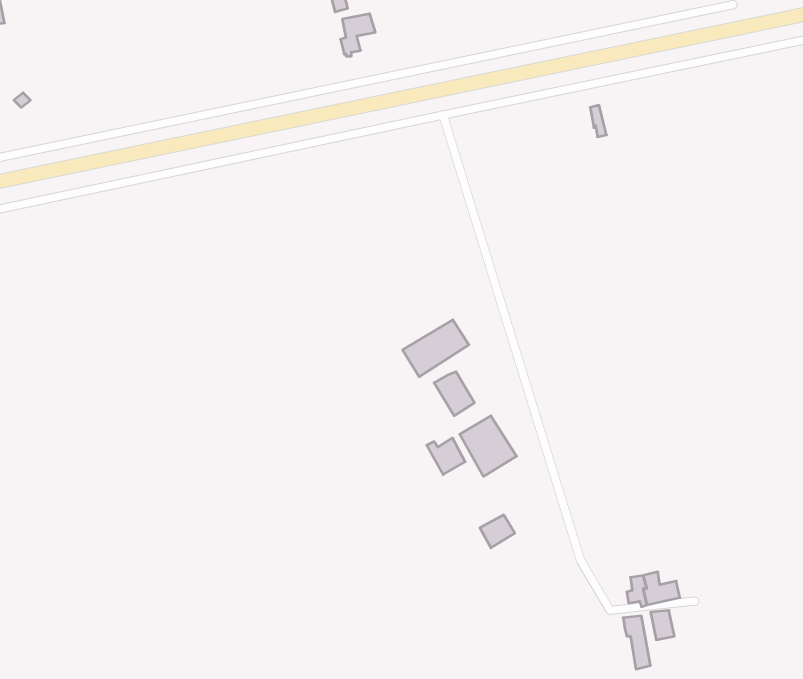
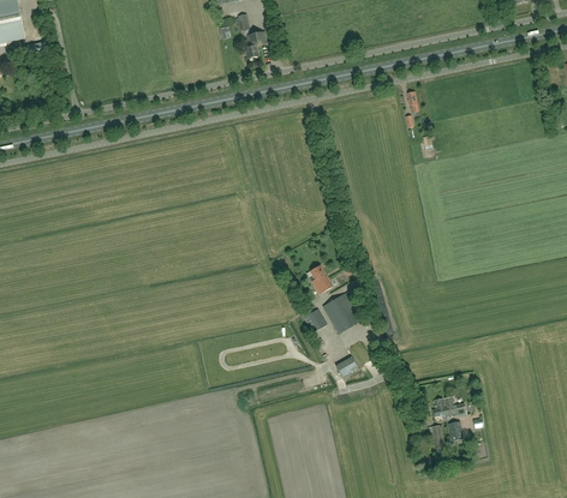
building: [403,320,469,377] -> none

